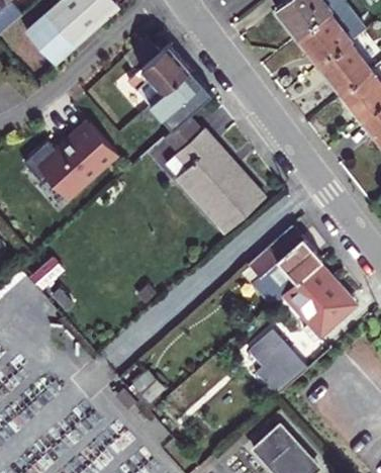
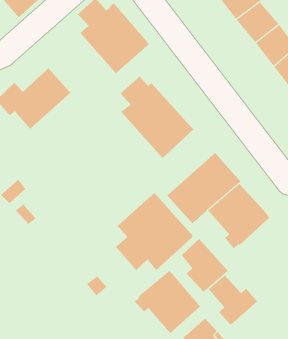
building: [164,113,214,153] -> none
building: none -> [115,192,194,271]
building: none -> [134,270,201,334]
building: none -> [208,275,258,326]

